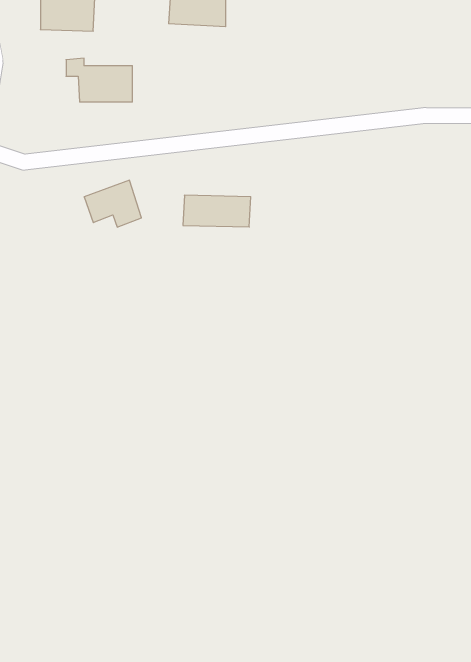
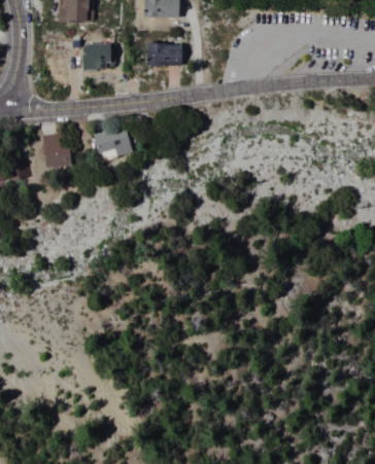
building: [183,195,251,227] -> [141,43,188,65]
building: none -> [40,135,68,166]

